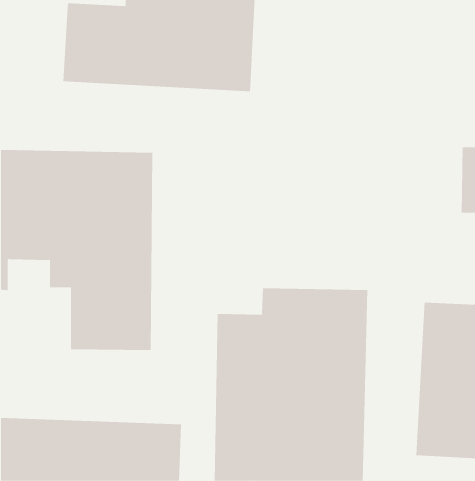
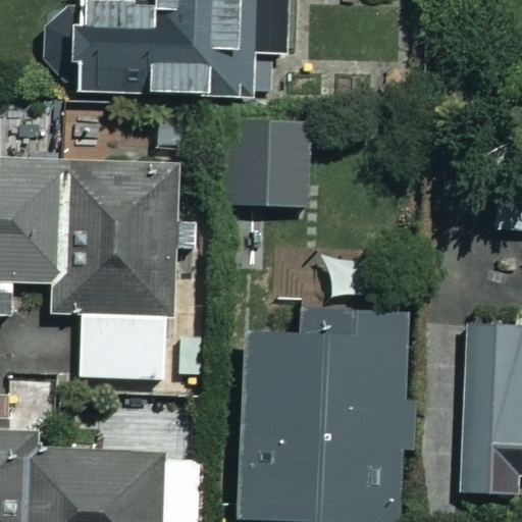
building: none -> [224,116,314,206]

